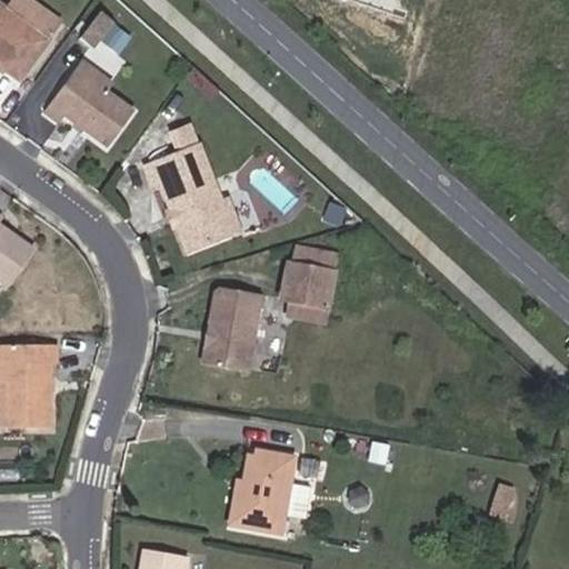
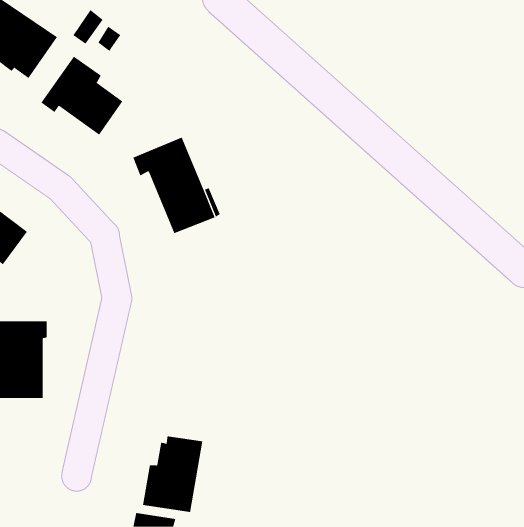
building: [282,256,342,308] -> none
building: [204,286,263,367] -> none
building: [231,450,297,532] -> [142,436,203,513]

